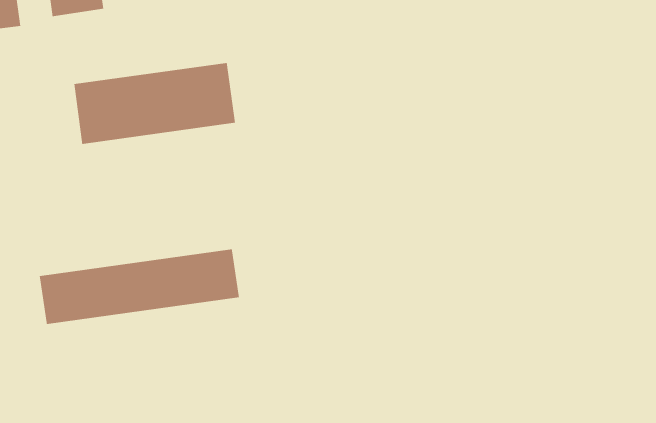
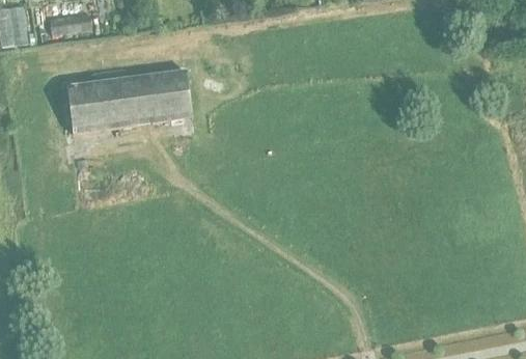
building: [39,249,239,325] -> none

